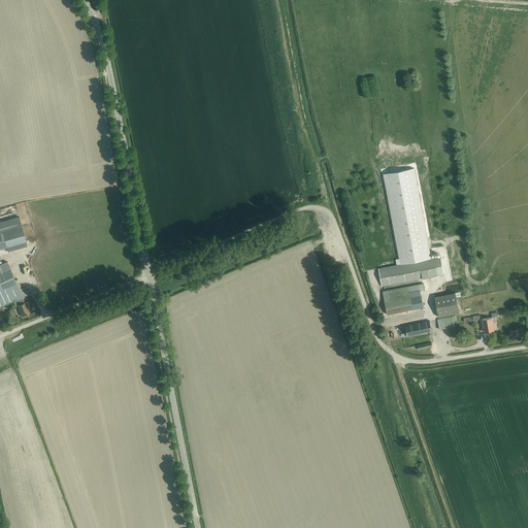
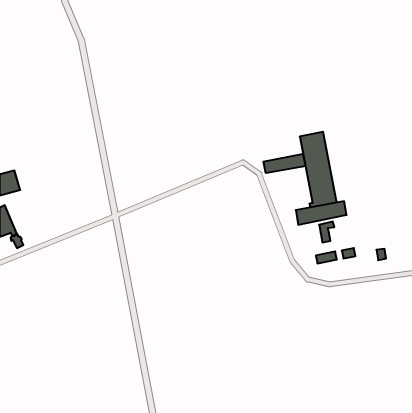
building: none -> [264,154,305,173]
building: [382,287,411,315] -> none
building: [433,293,458,318] -> none

